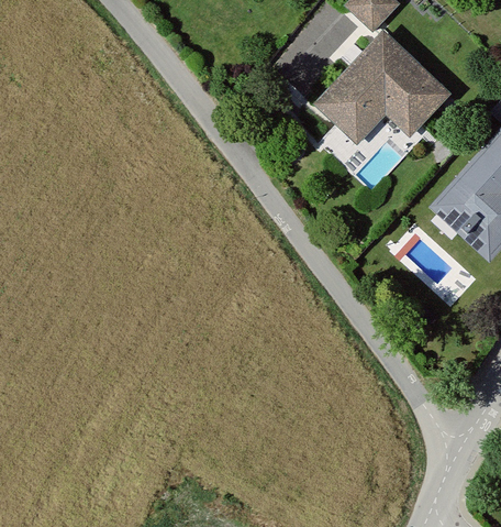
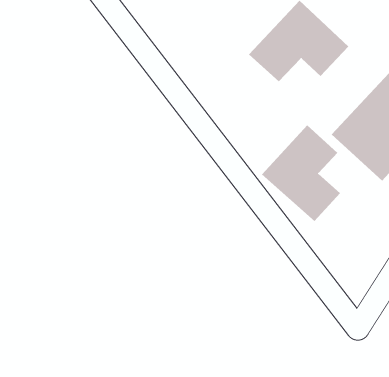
building: none -> [261,124,341,222]

